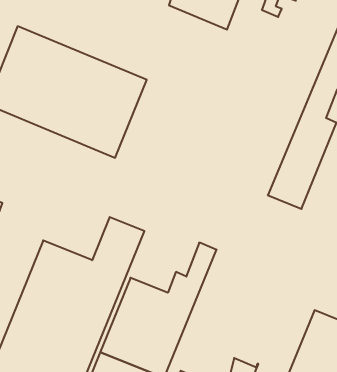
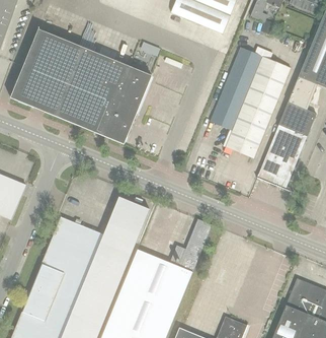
building: none -> [210,46,291,157]

